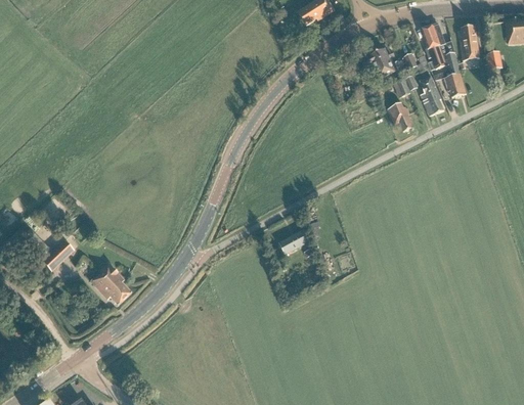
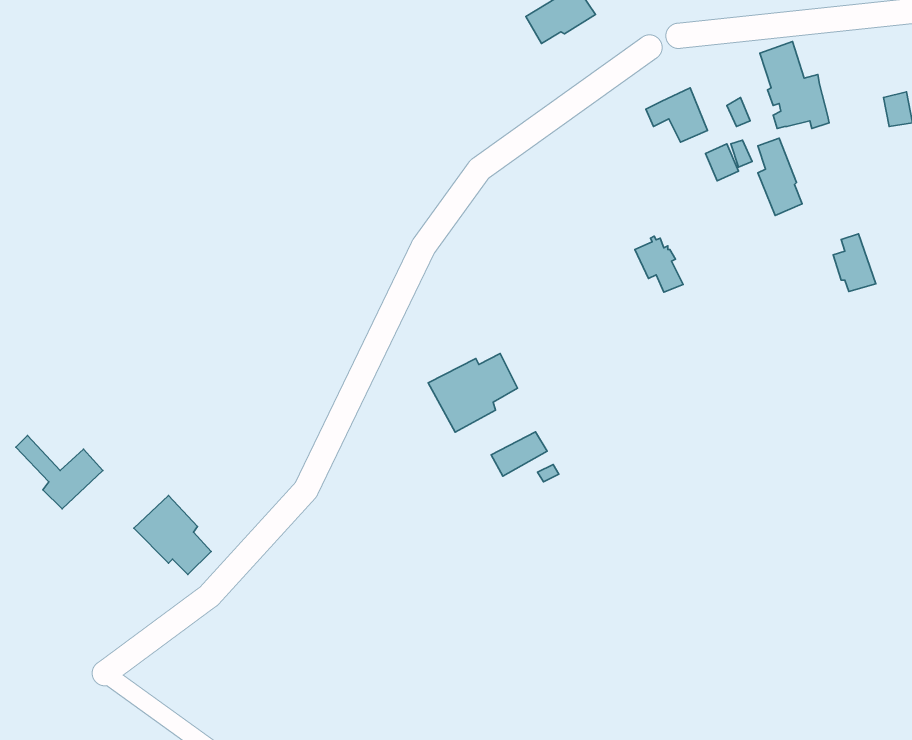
building: [460,26,479,60] -> none
building: [445,66,468,97] -> [833,234,876,292]
building: [388,101,413,131] -> [635,236,683,292]
building: none -> [428,354,518,432]

